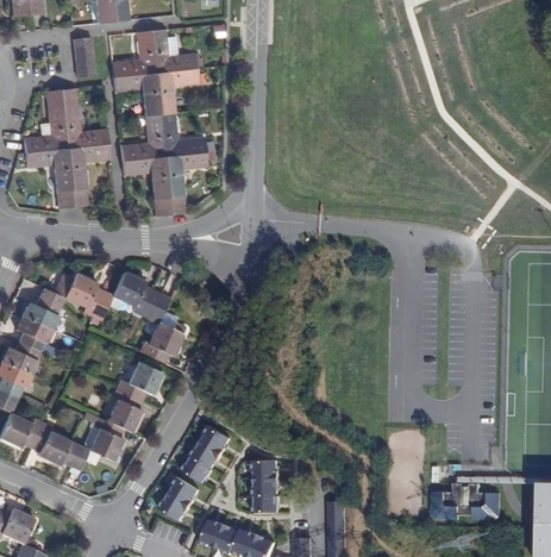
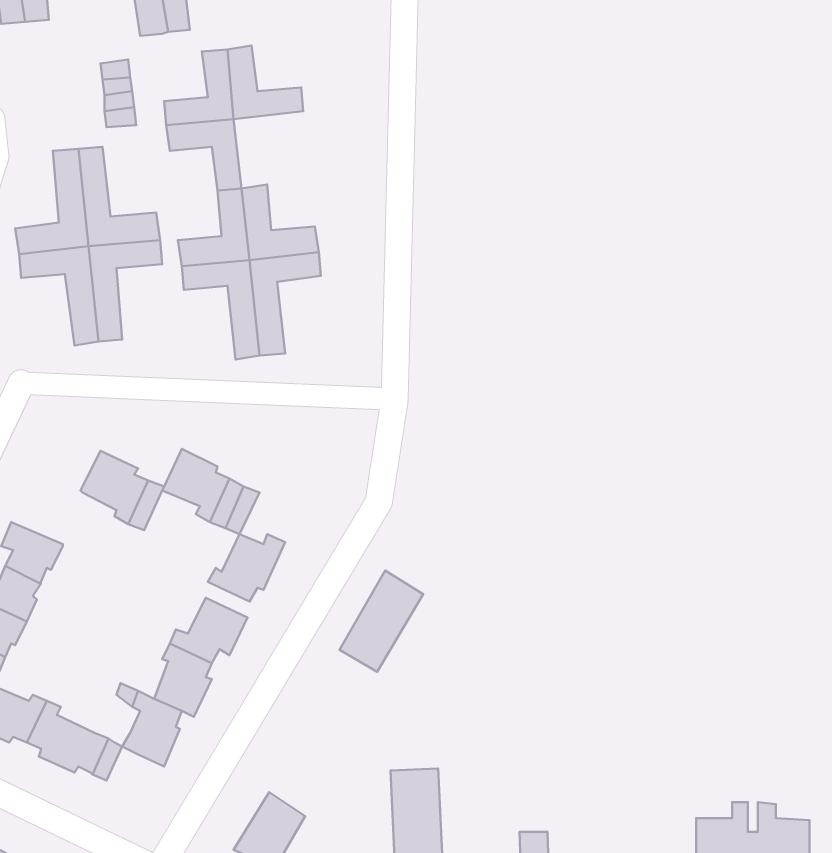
building: [155,68,199,114] -> none
building: [21,287,64,327] -> none
building: [181,424,231,484] -> [340,570,423,672]

